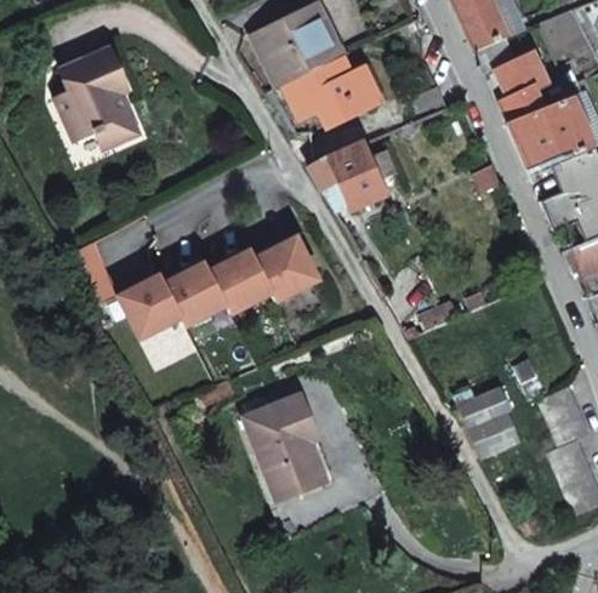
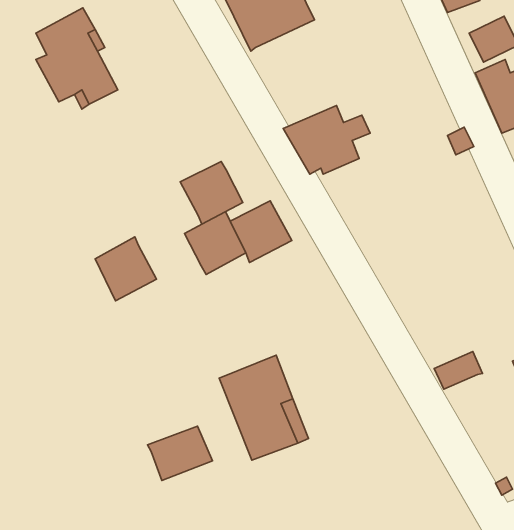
building: [280,56,377,127] -> none
building: [163,262,226,325] -> [180,161,243,224]
building: [469,412,517,457] -> none
building: none -> [148,426,213,480]

